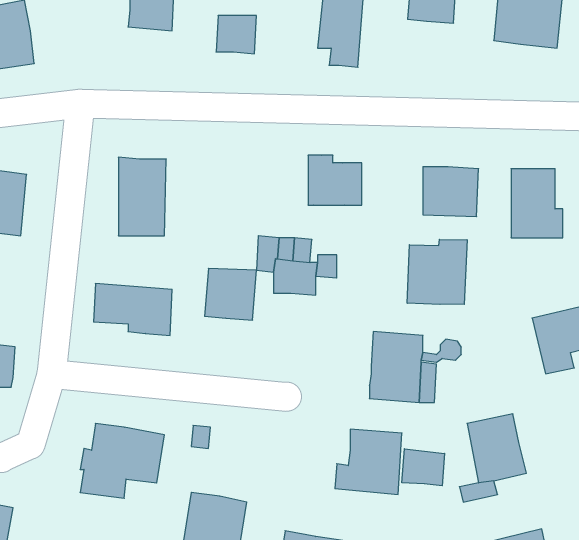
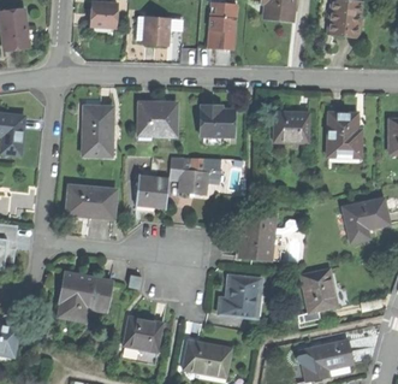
building: none -> [137,102,176,136]
building: [407,239,467,304] -> none
building: [402,449,445,486] -> none

